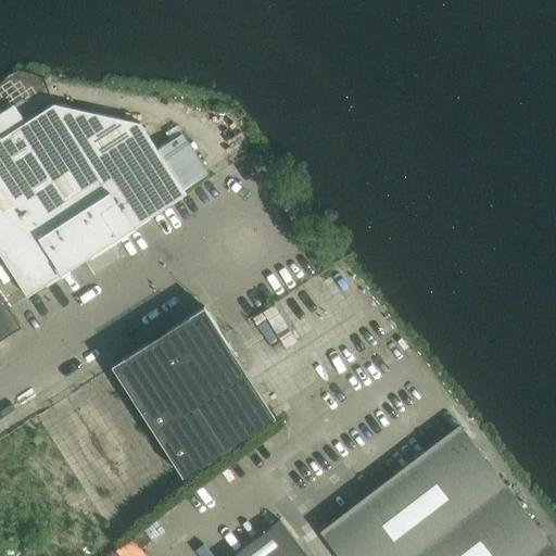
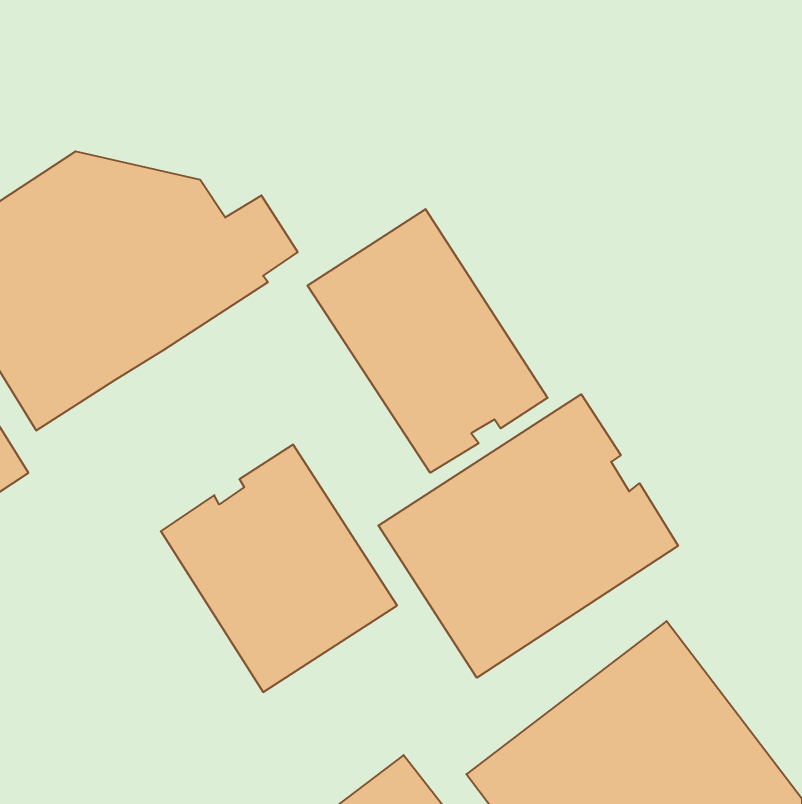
building: none -> [308,209,548,473]
building: none -> [378,394,678,678]

